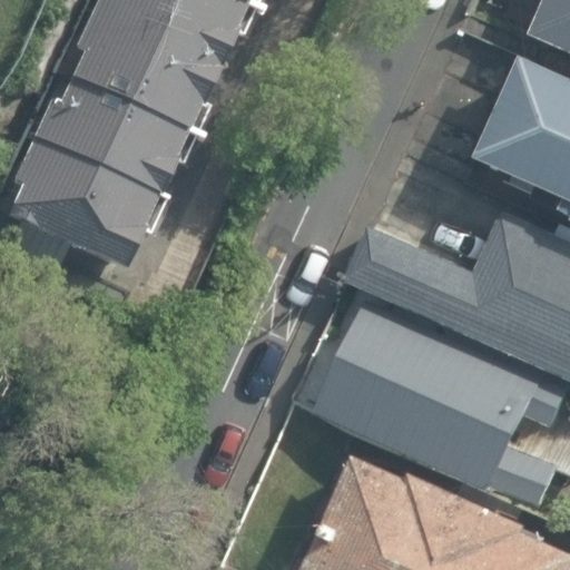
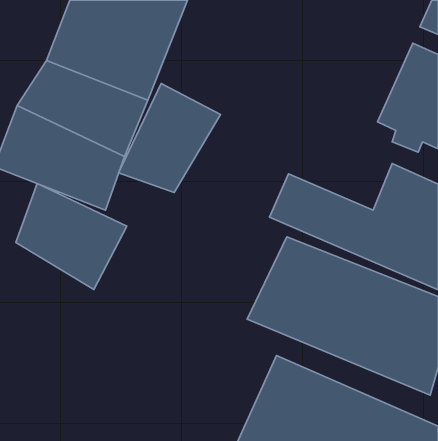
building: none -> [119,83,221,193]
building: none -> [16,184,127,290]

